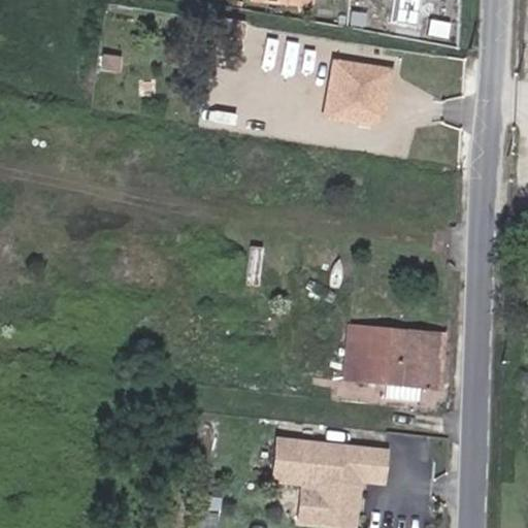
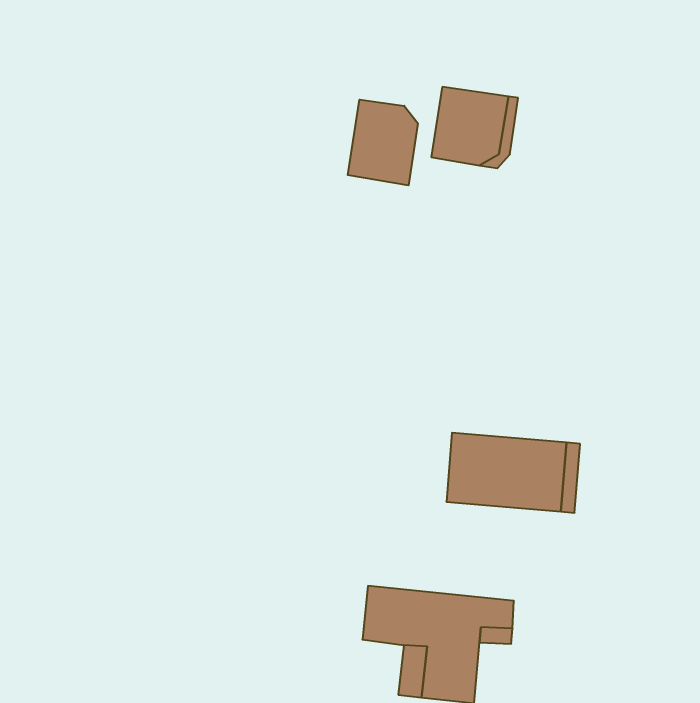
building: none -> [348,100,418,185]

